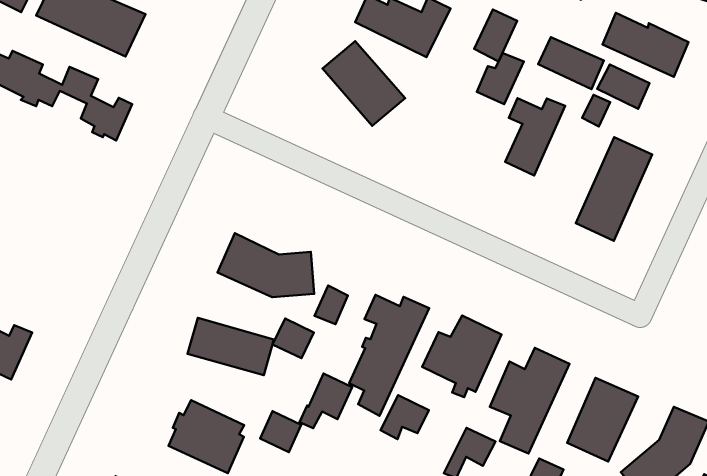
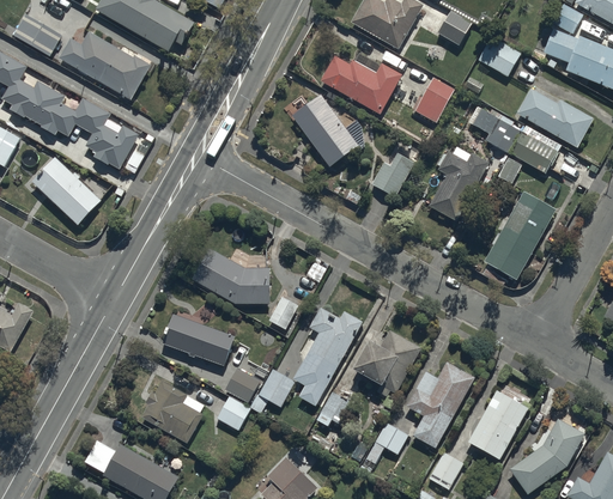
building: [477,53,524,104] -> [374,154,414,196]
building: none -> [35,156,101,220]
building: [273,319,314,358] -> [225,367,260,401]

